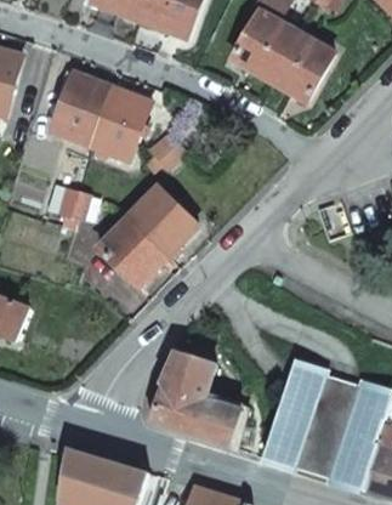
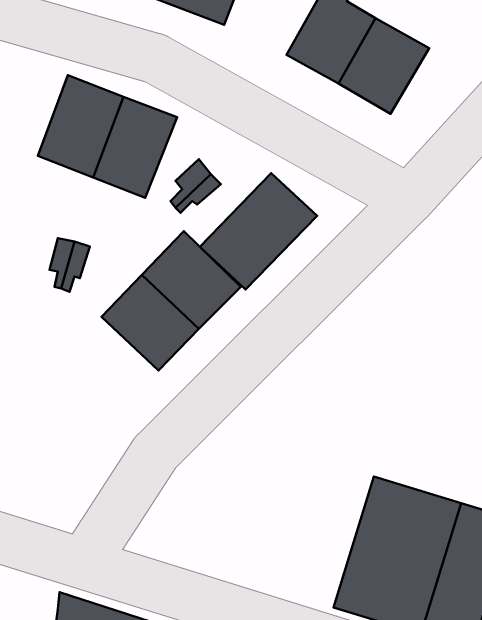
building: none -> [200,173,317,290]
building: [147,351,240,447] -> none

